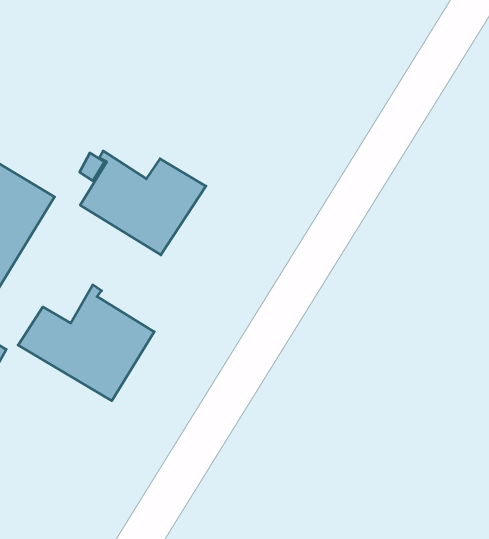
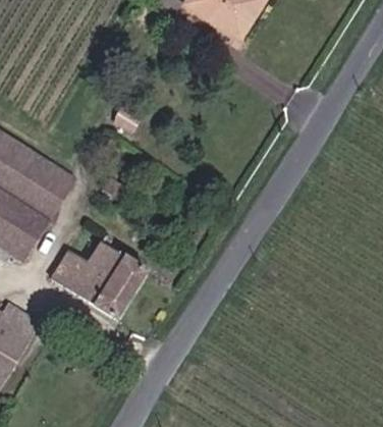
building: [80,151,206,255] -> none

